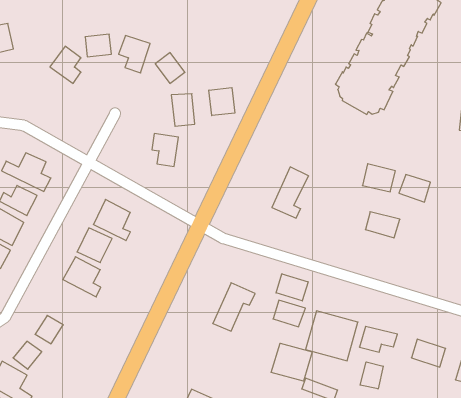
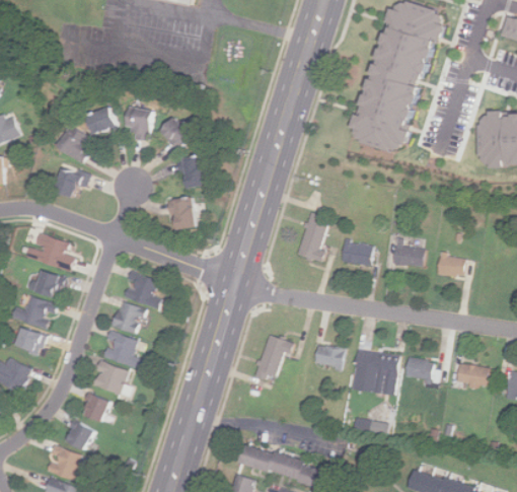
building: none -> [57,166,90,198]
building: [209,88,235,116] -> none
building: [362,164,395,192] -> [342,240,372,265]
building: [399,175,430,202] -> [437,254,466,278]
building: [276,274,308,301] -> none
building: none -> [93,361,128,394]
building: [271,343,312,381] -> none
building: [360,362,383,389] -> none

